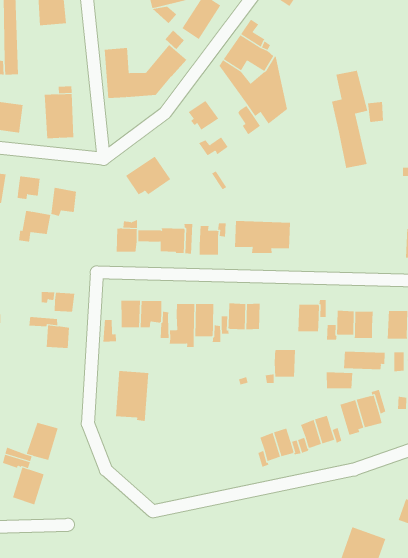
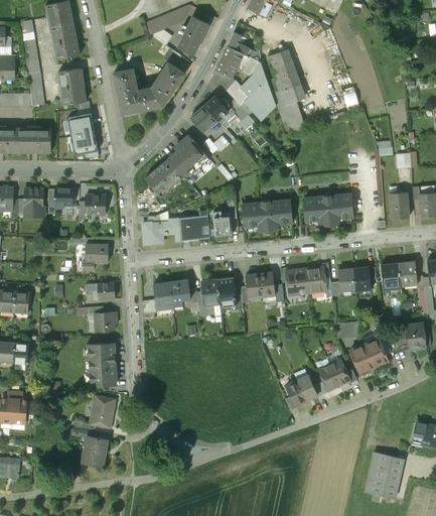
building: none -> [58,69,87,105]
building: [331,70,368,169] -> [267,50,304,135]
building: none -> [205,96,235,129]
building: none -> [168,135,209,176]
building: [18,211,51,242] -> [84,244,109,270]
building: none -> [304,195,352,225]
building: [274,350,296,377] -> [287,269,307,294]
building: [343,351,385,370] -> none
building: [115,370,149,421] -> [88,344,116,385]

